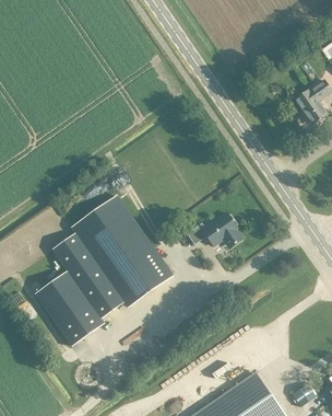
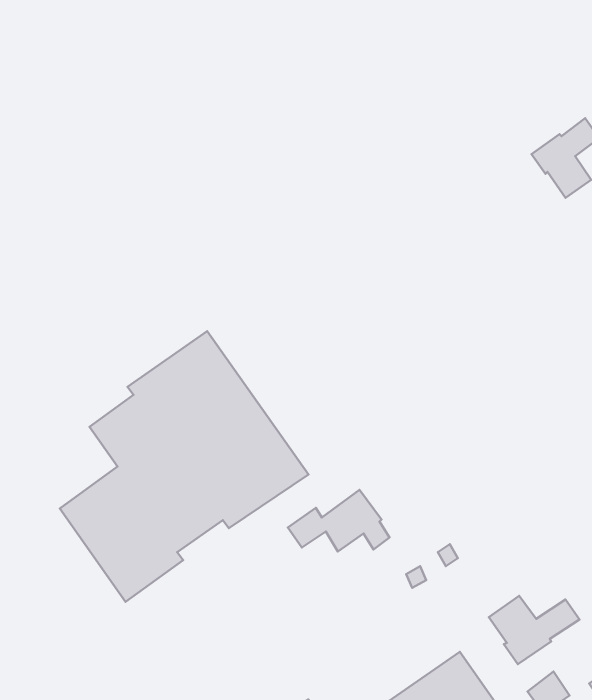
building: [186,211,241,245] -> [288,490,390,551]
building: none -> [489,596,579,664]

